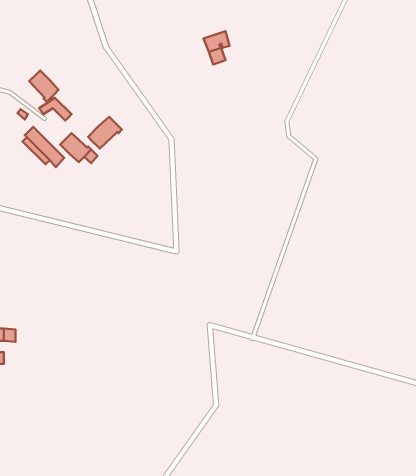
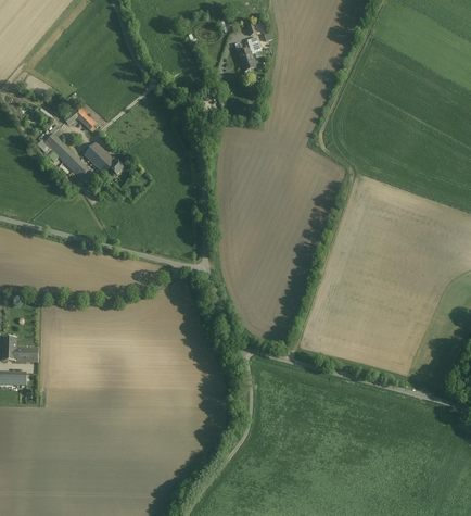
building: [29,70,59,102] -> none
building: [88,117,122,149] -> none

